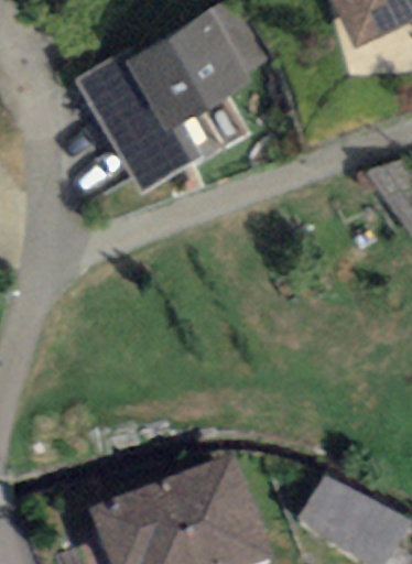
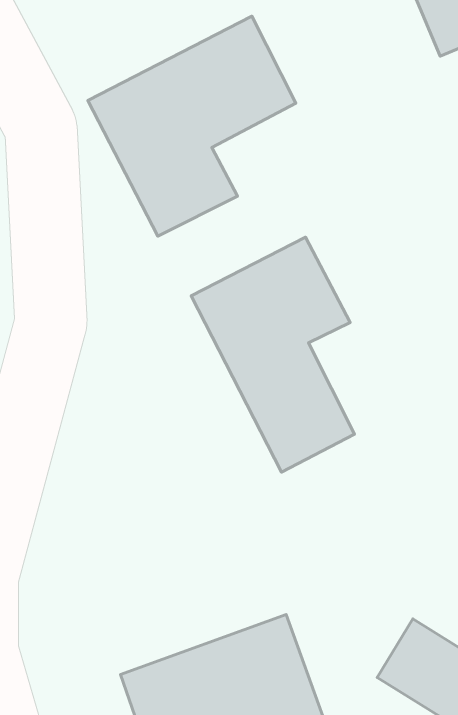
building: none -> [191,237,354,472]

